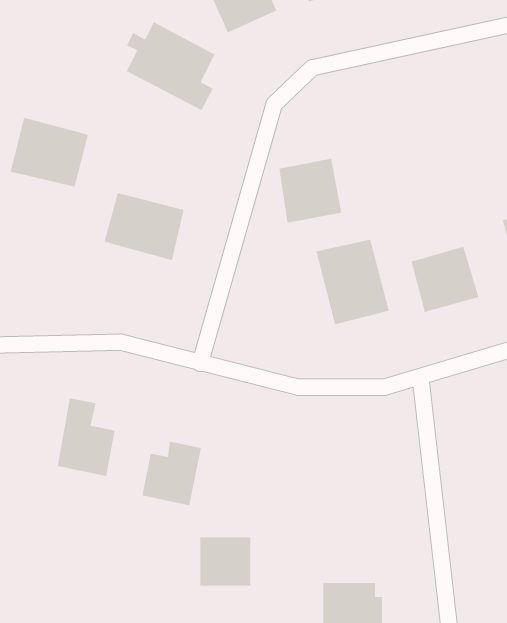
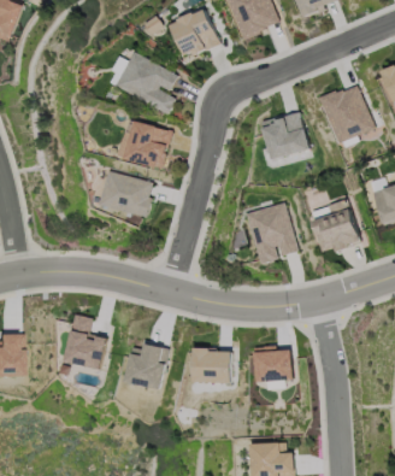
building: none -> [320,86,375,143]
building: [10,117,89,188] -> [116,119,171,169]
building: [278,158,342,223] -> [263,113,307,159]
building: none -> [255,349,290,382]
building: [200,536,251,586] -> [193,349,229,384]

